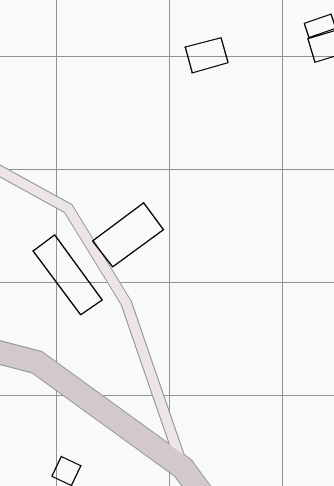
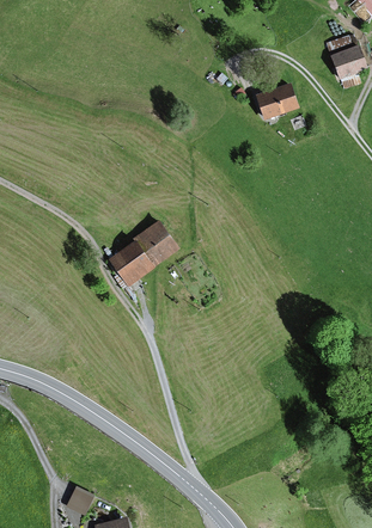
building: [185,38,228,73] -> [254,82,298,118]
building: [33,235,102,315] -> none

